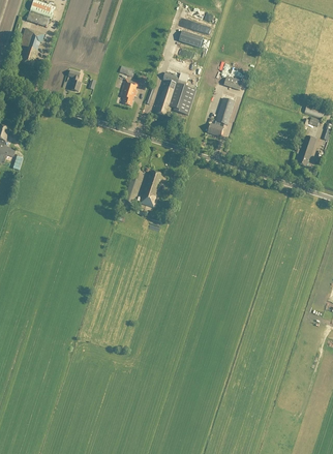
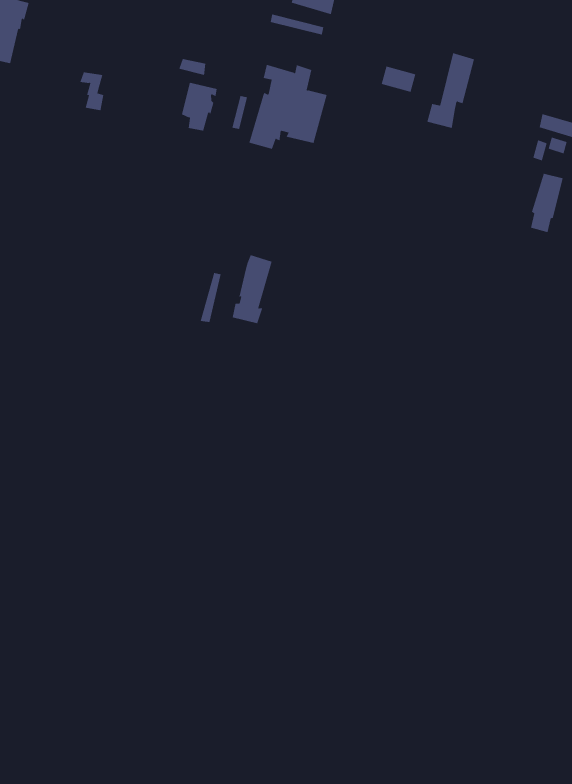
building: [207,97,234,137] -> [426,53,475,128]

